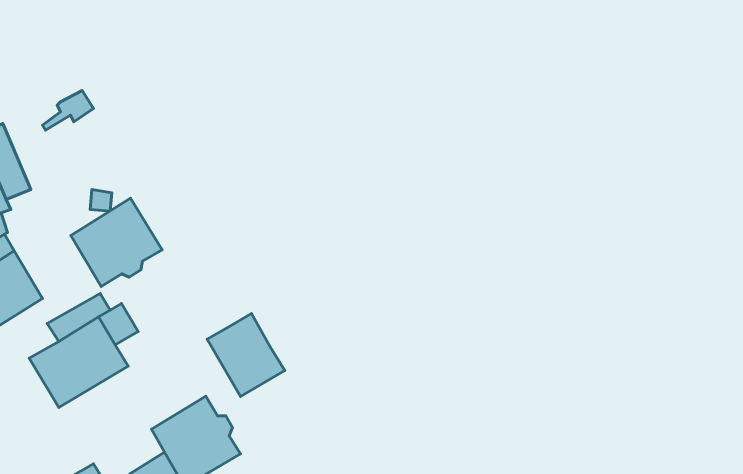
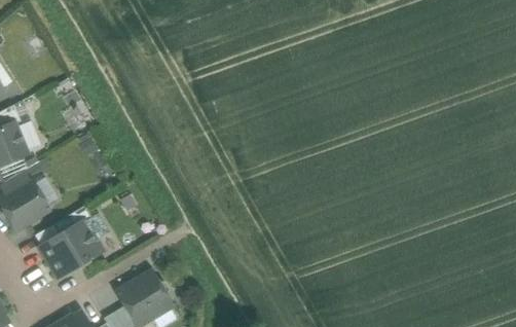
building: [71,198,162,287] -> none
building: [207,313,285,396] -> none

